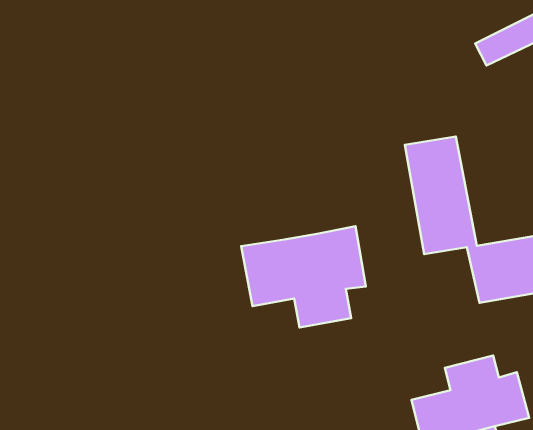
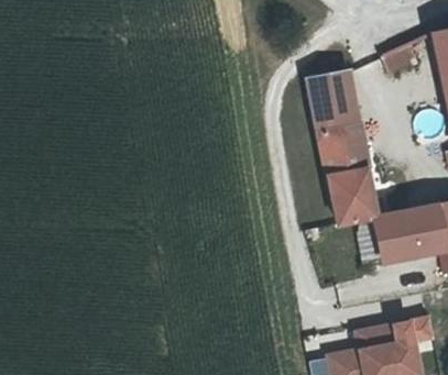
building: none -> [315,71,365,139]
building: [241,226,366,327] -> none

